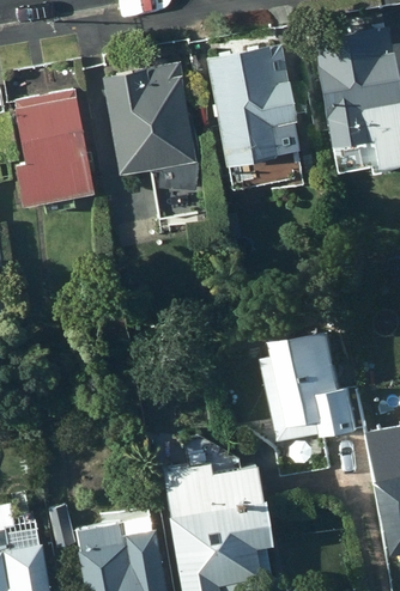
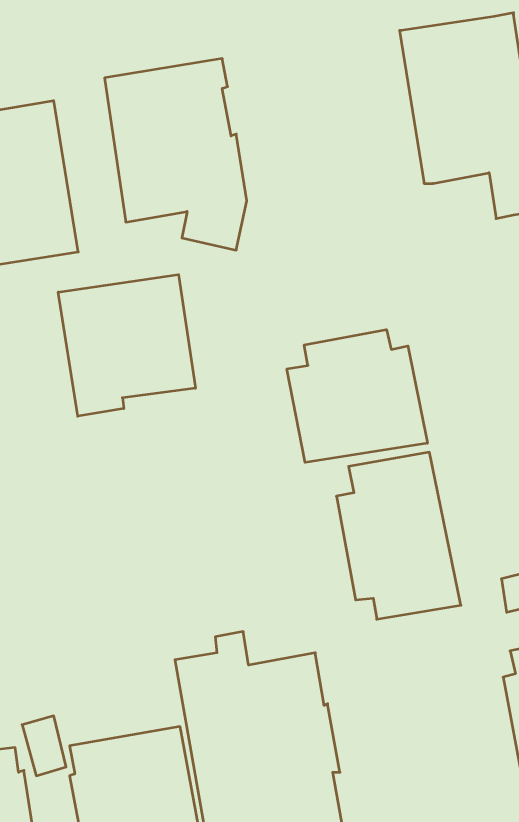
building: [204,47,298,183] -> none
building: none -> [58,275,195,416]
building: none -> [287,330,427,462]

